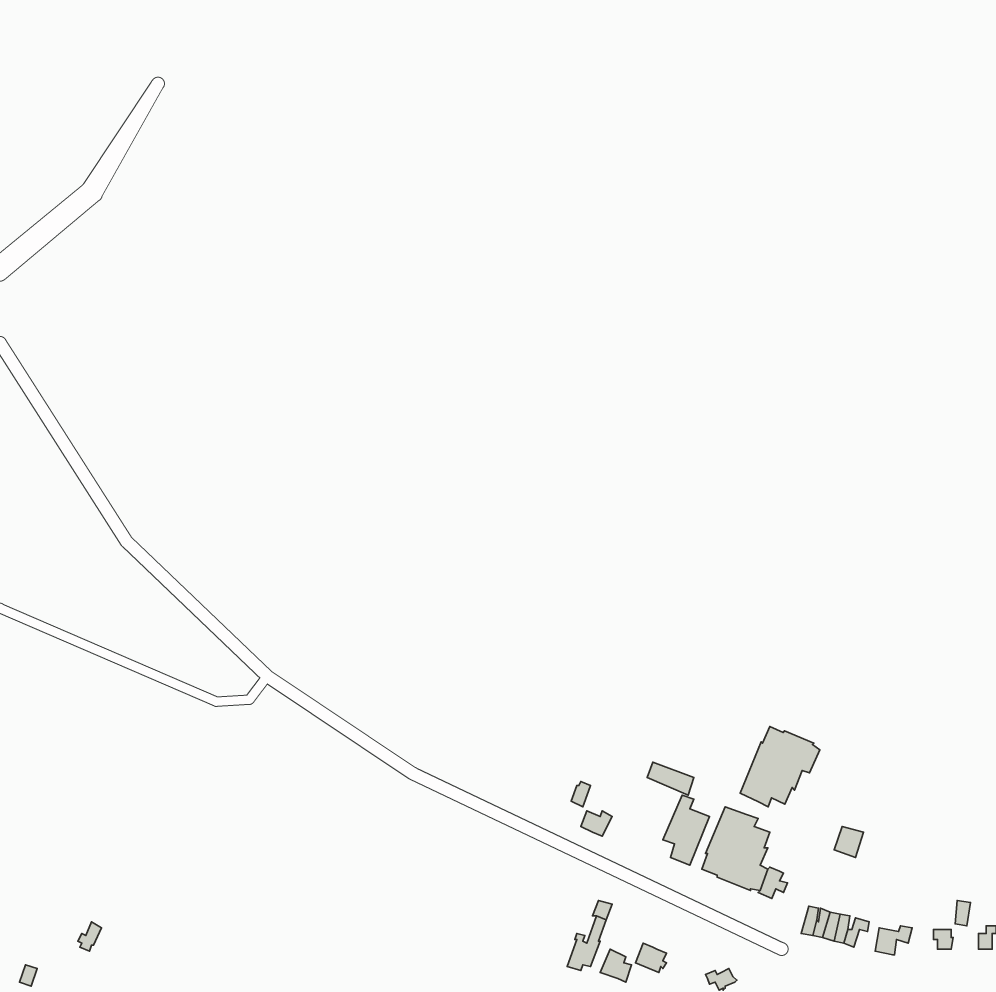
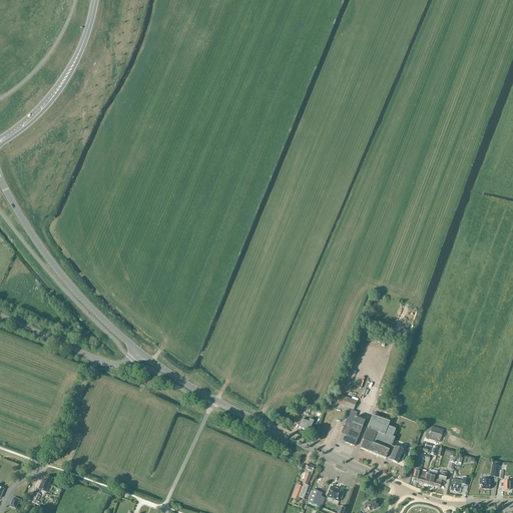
building: [740,726,820,807] -> none

